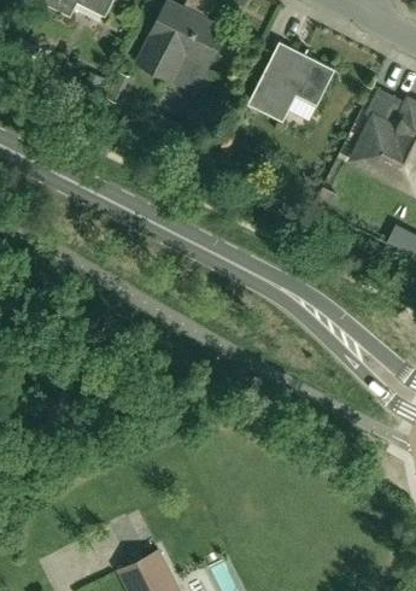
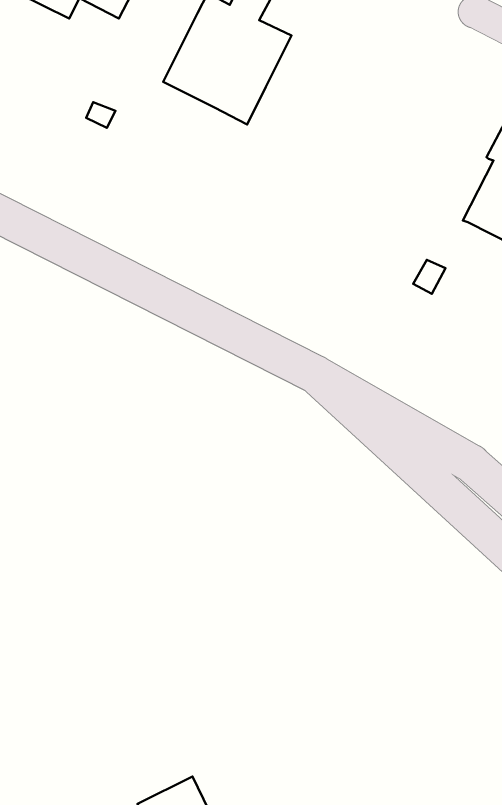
building: [247,40,335,121] -> none

